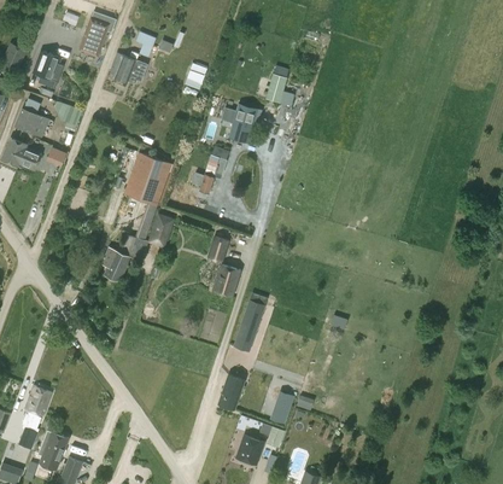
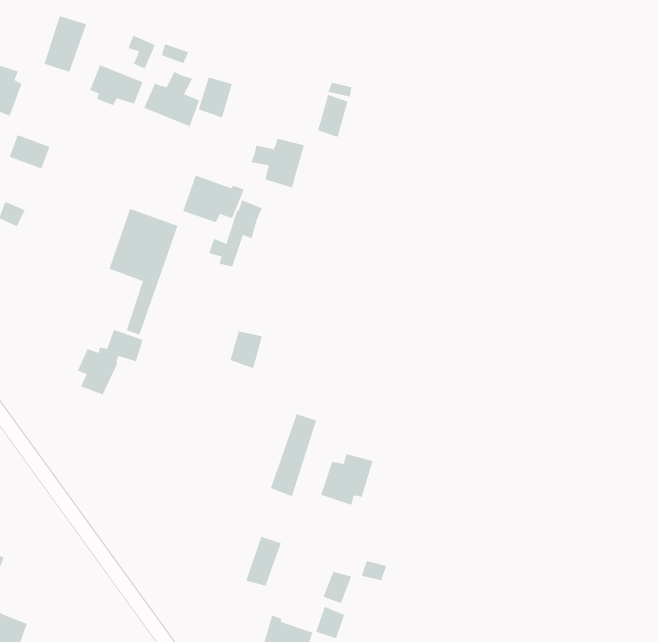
building: none -> [143,71,200,127]
building: none -> [182,175,245,223]
building: [148,214,175,249] -> none
building: [212,264,240,297] -> none
building: none -> [320,453,374,506]

